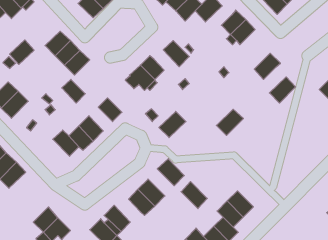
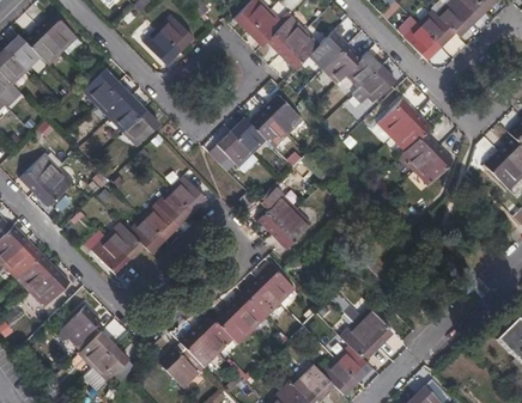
building: none -> [323,48,360,84]
building: [10,40,34,64] -> [83,69,117,104]
building: none -> [378,100,415,138]
building: none -> [250,110,286,147]
building: none -> [400,134,438,171]
building: [62,79,85,103] -> [158,191,192,225]
building: [216,109,243,135] -> [272,212,310,249]
building: none -> [92,237,130,275]
building: [181,182,207,209] -> [242,279,279,317]
building: none -> [59,307,101,350]
building: none -> [194,316,231,354]

